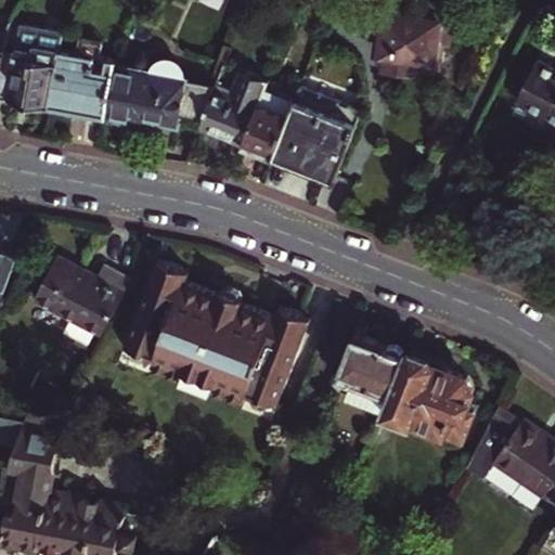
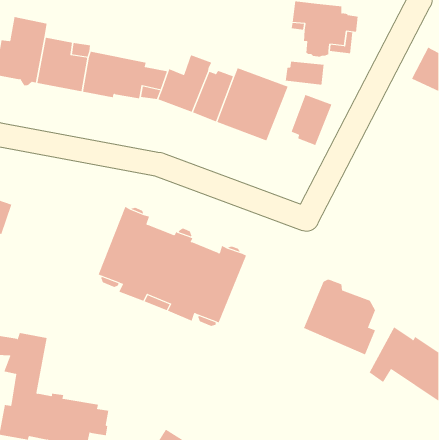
building: none -> [285,61,324,86]
building: none -> [291,94,332,146]
building: [31,260,130,340] -> none
building: [334,336,404,418] -> none

